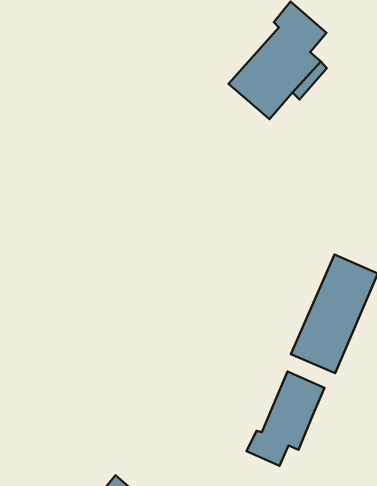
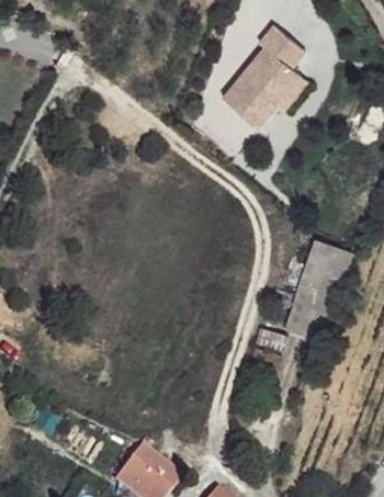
building: [247,372,325,466] -> none

